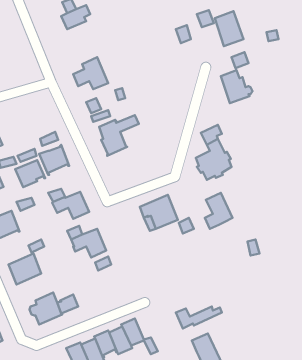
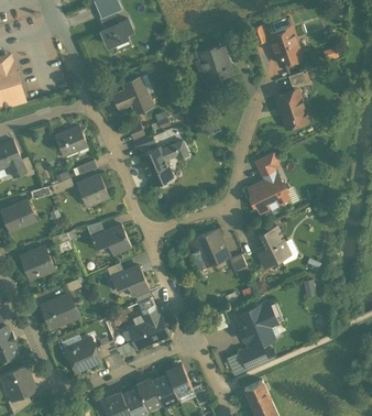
building: none -> [199,46,230,78]
building: [15,160,45,187] -> [55,125,88,155]
building: none -> [231,298,280,350]
building: none -> [131,309,168,348]

